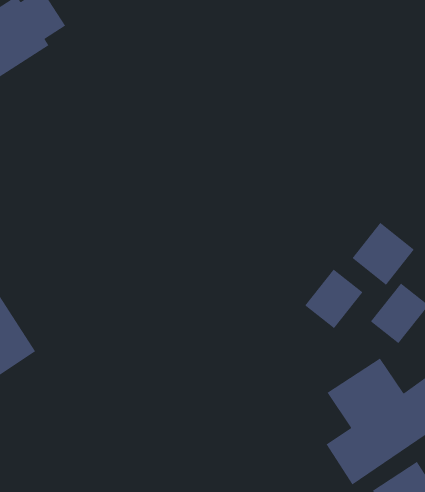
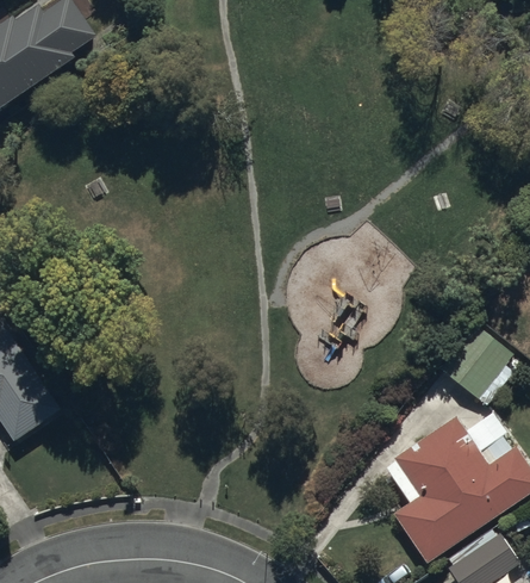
building: [352,222,415,286] -> none
building: [304,269,363,329] -> none

